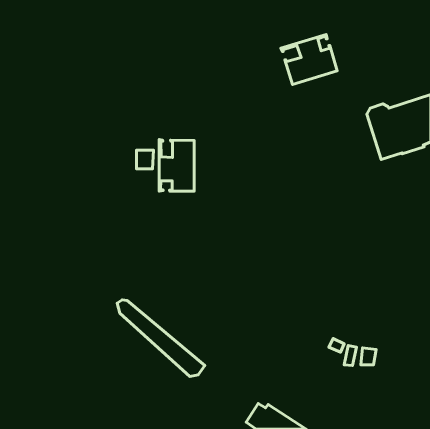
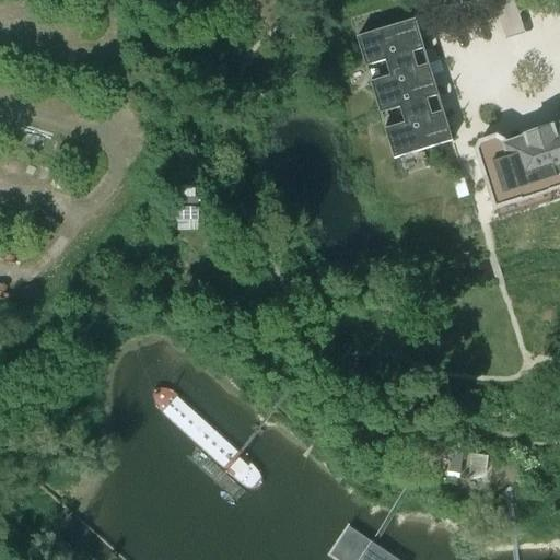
building: none -> [358,18,424,62]
building: none -> [381,92,453,156]
building: [159,139,194,191] -> none

